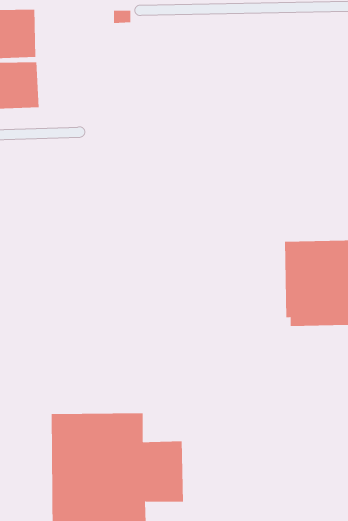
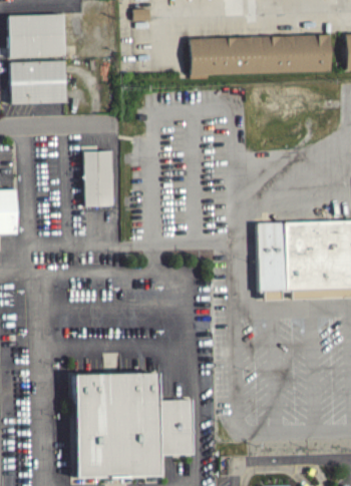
building: none -> [189,34,328,74]
building: none -> [82,150,112,206]
building: none -> [258,221,287,299]

